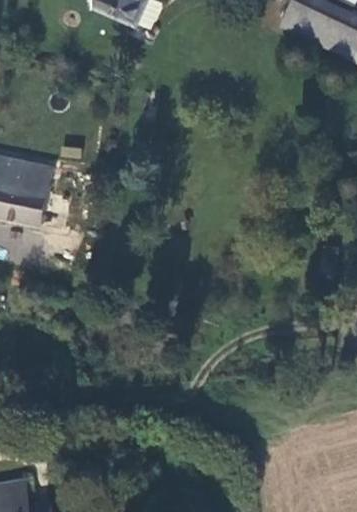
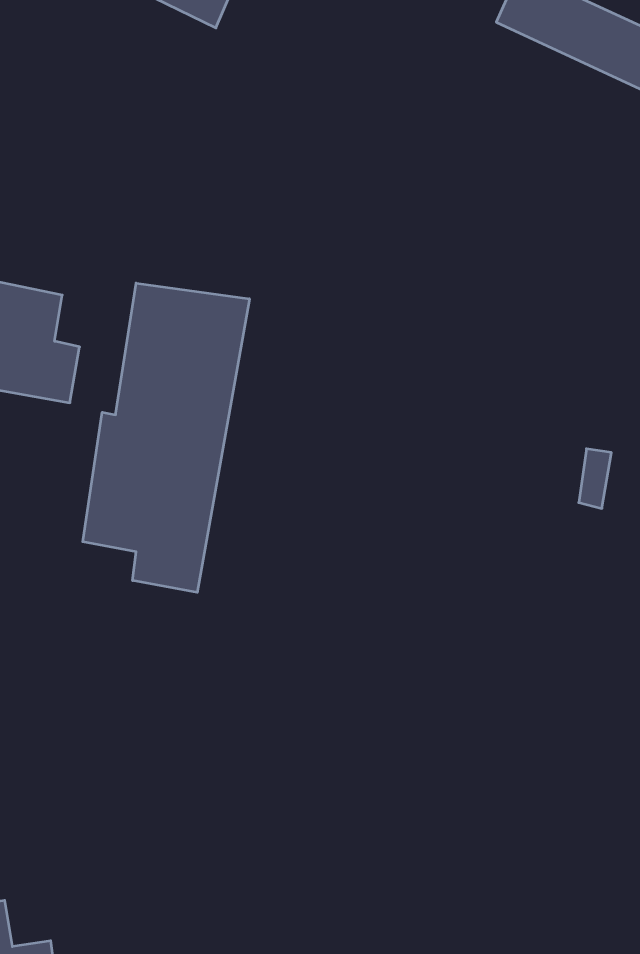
building: none -> [83,283,249,592]

